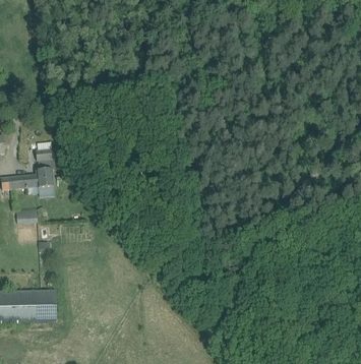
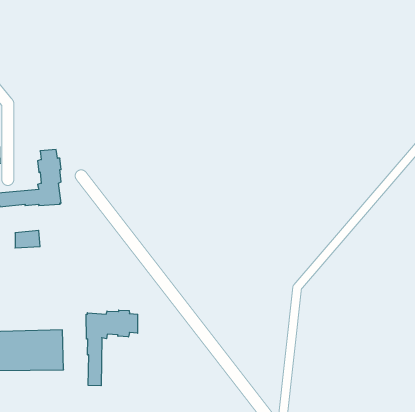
building: none -> [86,310,138,386]

